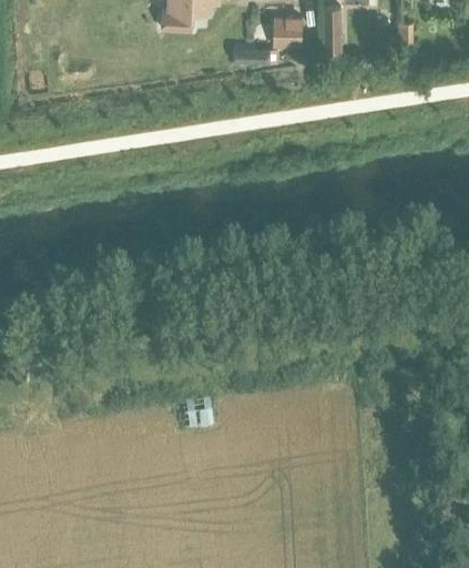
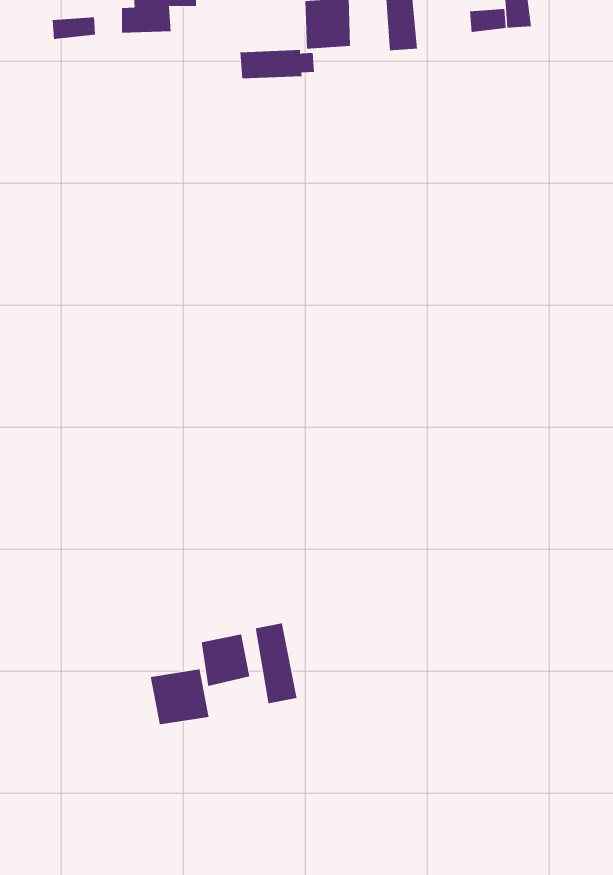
building: none -> [255,623,297,704]
building: none -> [150,668,209,725]

